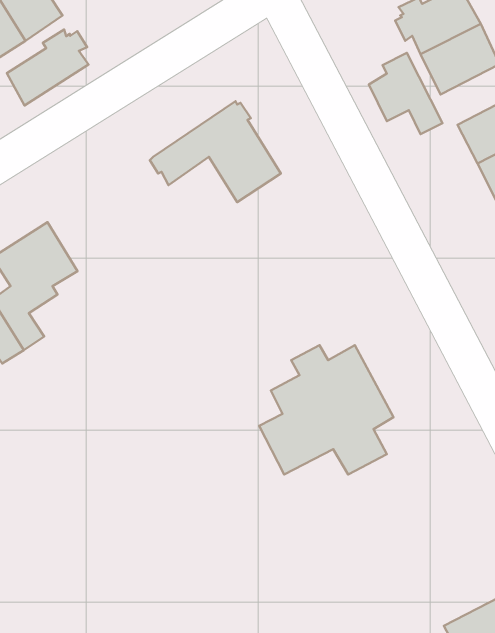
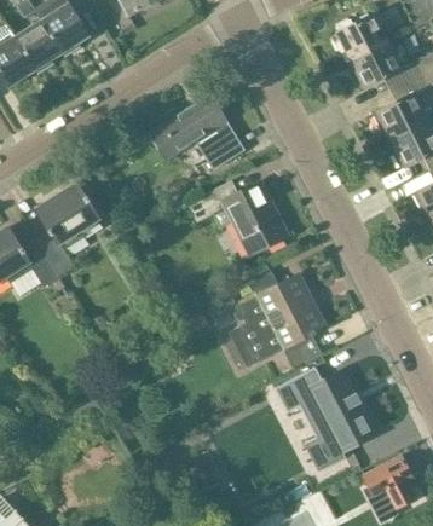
building: [7,29,88,105] -> none
building: [369,53,443,134] -> none
building: none -> [186,180,288,255]
building: none -> [276,366,376,457]

